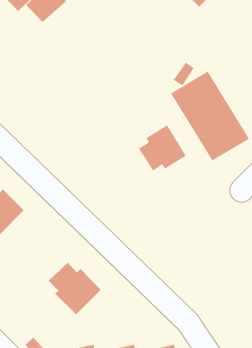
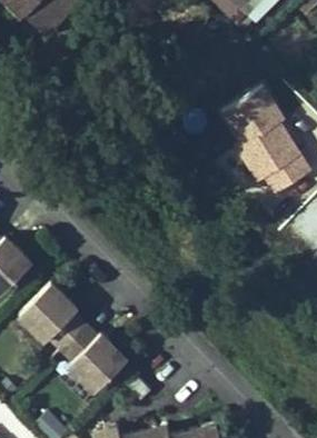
building: [138,124,187,171] -> none
building: none -> [20,285,86,350]

